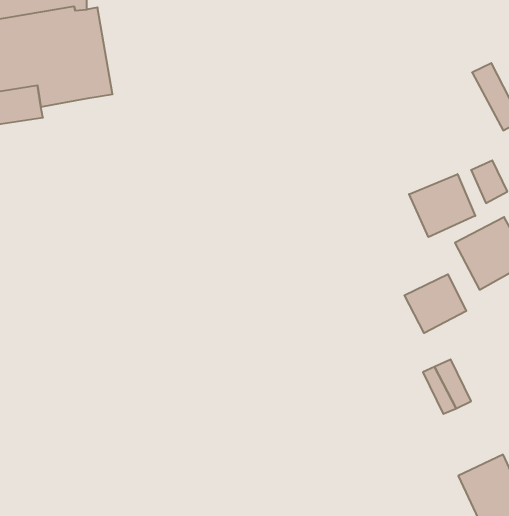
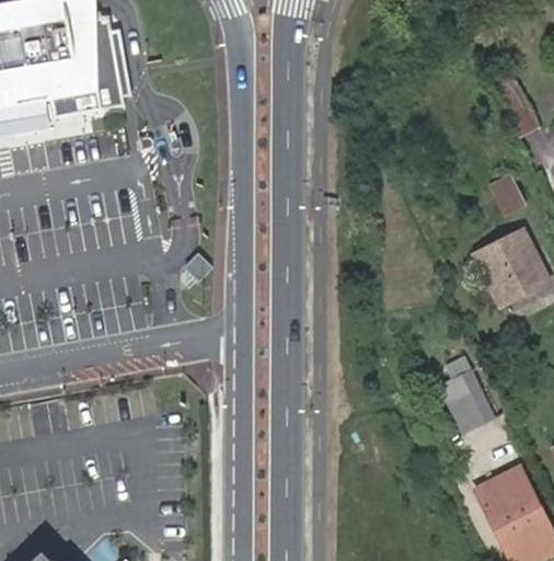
building: [409,174,475,237] -> none
building: [404,274,466,333] -> none

